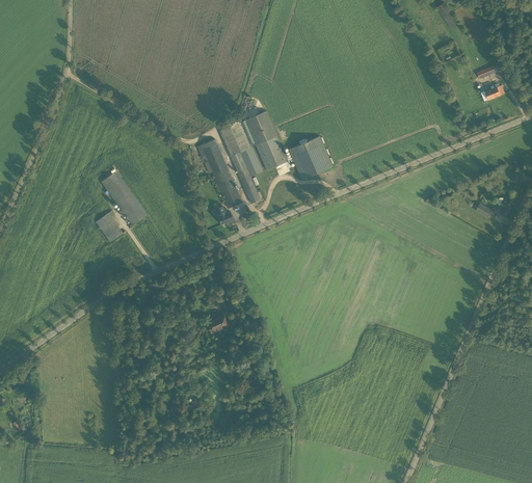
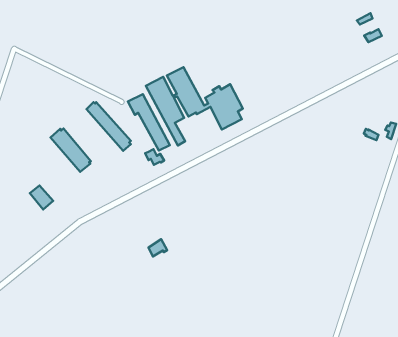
building: none -> [87,102,131,151]
building: [95,212,122,241] -> [30,185,53,210]

